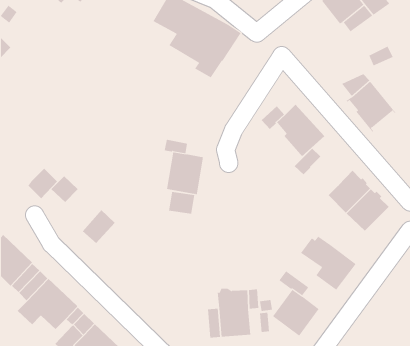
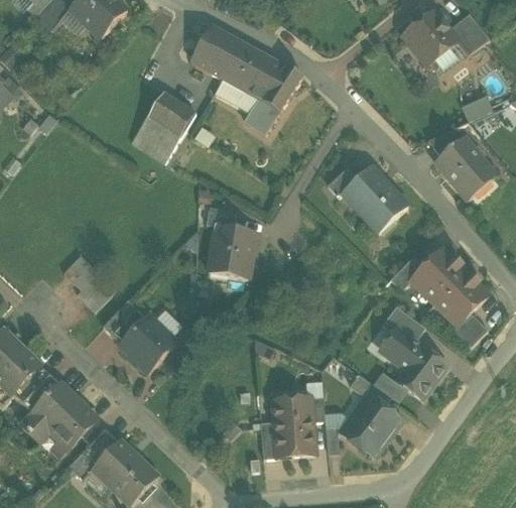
building: none -> [131,92,196,161]
building: [294,148,321,175] -> [390,256,424,290]
building: [27,168,58,199] -> [78,272,116,311]
building: [168,191,195,214] -> none
building: none -> [382,306,425,342]
building: none -> [117,312,177,373]
building: none -> [453,312,488,347]

